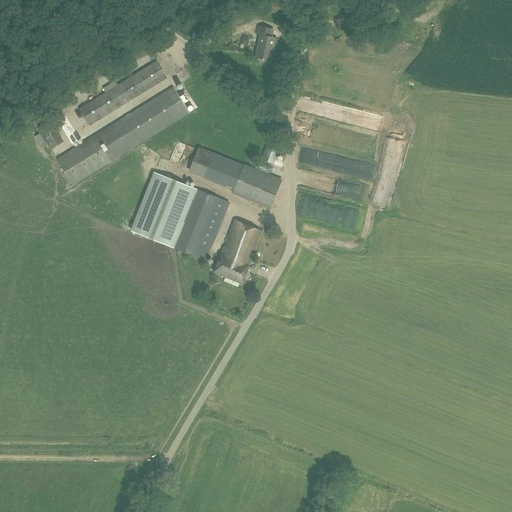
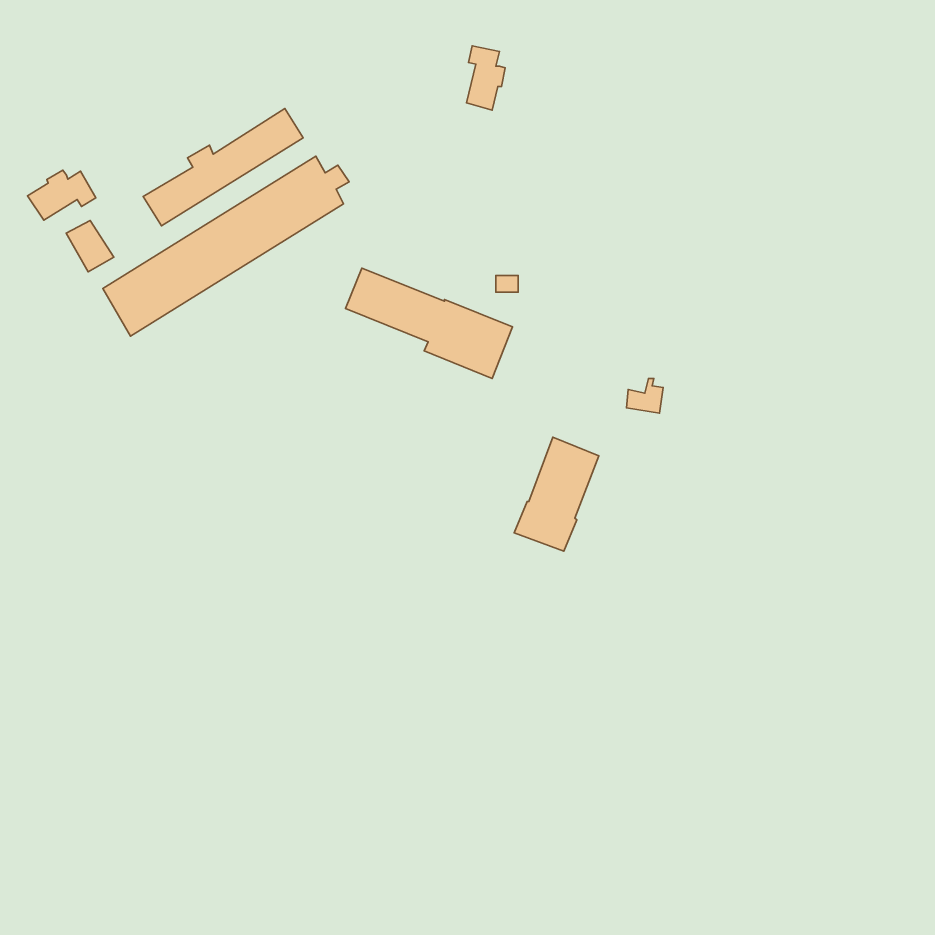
building: none -> [27,170,96,220]
building: [138,175,227,259] -> none
building: [212,219,258,281] -> [514,437,599,551]

